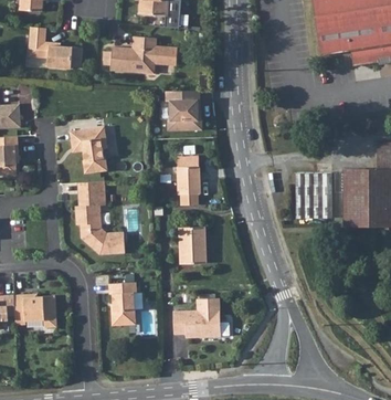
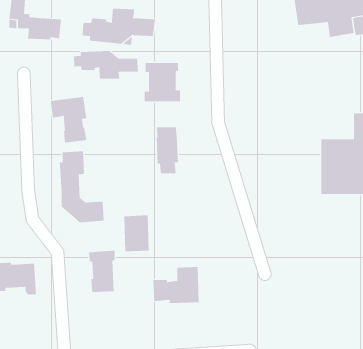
building: none -> [73,50,139,80]
building: [295,173,331,219] -> none
building: [179,227,205,264] -> [123,215,150,252]

